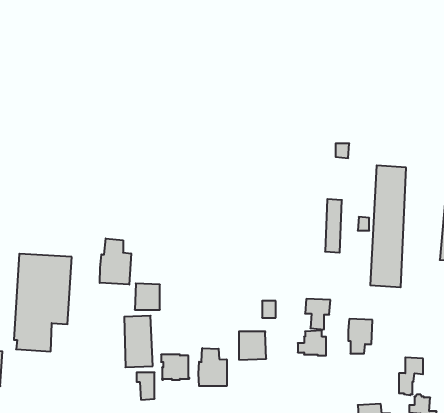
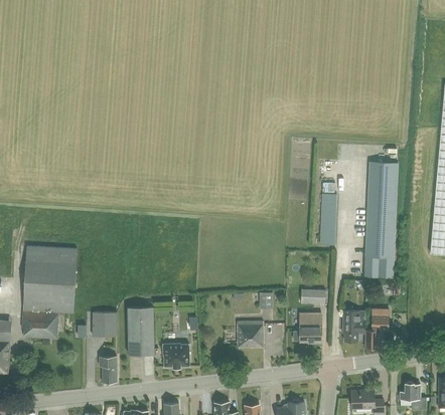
building: [100,238,131,285] -> none
building: [135,283,160,310] -> [93,312,117,337]
building: [198,348,227,386] -> none
building: [399,357,423,395] -> [365,315,389,351]
building: [137,372,155,400] -> [99,357,116,383]

